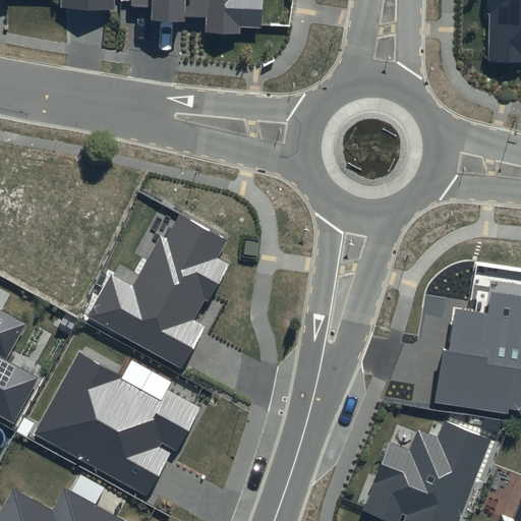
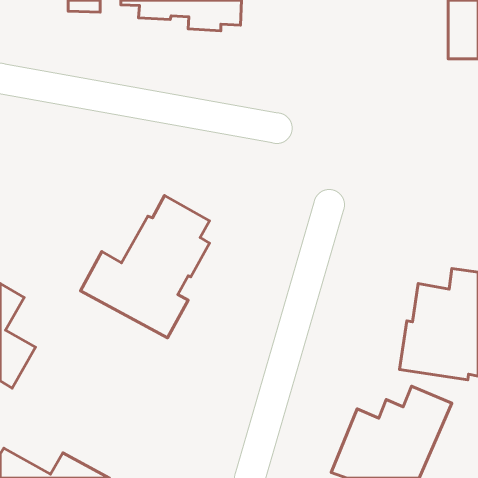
building: [35,353,200,495] -> none

